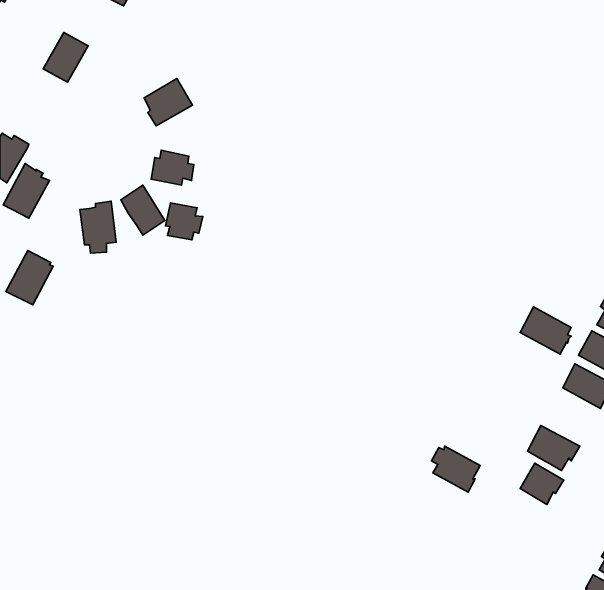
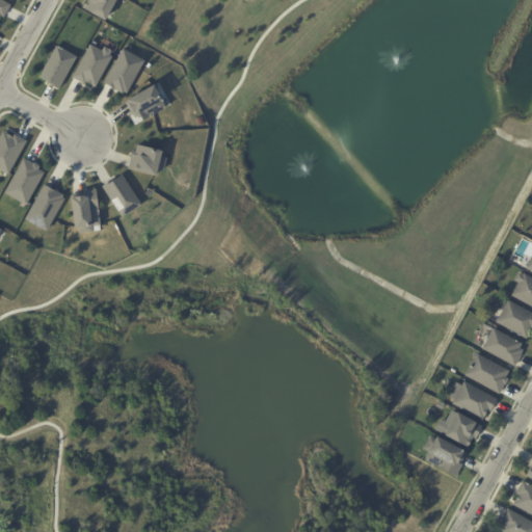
building: none -> [72,43,111,84]
building: none -> [103,47,143,92]
building: [165,203,203,240] -> none
building: [6,250,53,305] -> [24,183,64,230]
building: [520,307,571,354] -> [466,352,509,393]
building: [432,446,480,492] -> [425,435,467,475]

